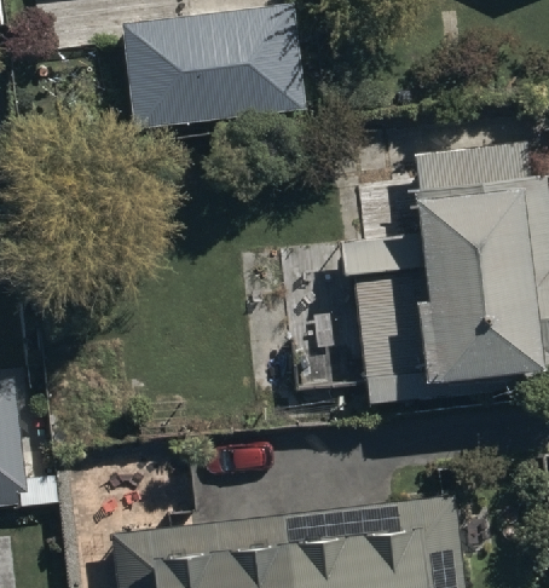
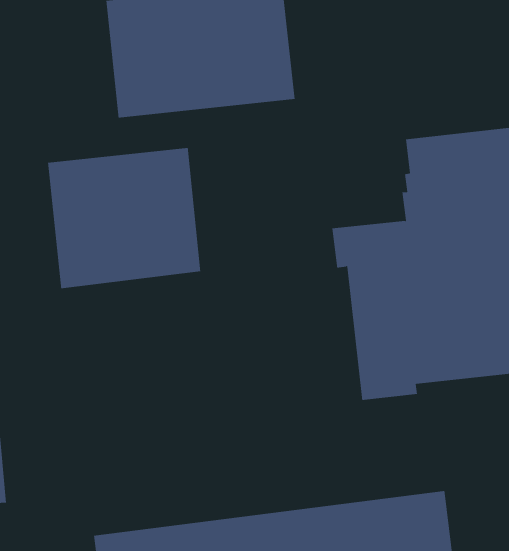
building: none -> [48,147,201,289]

